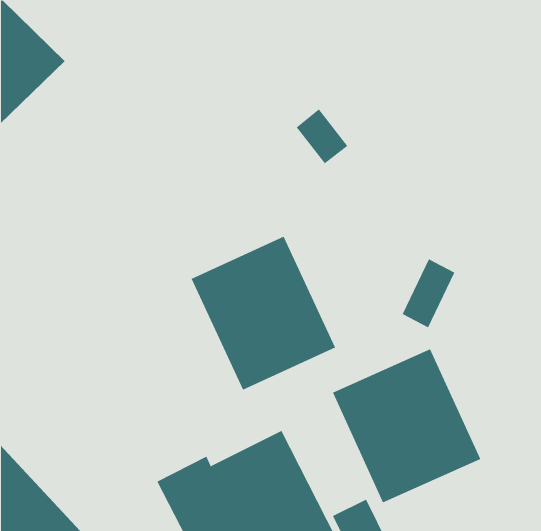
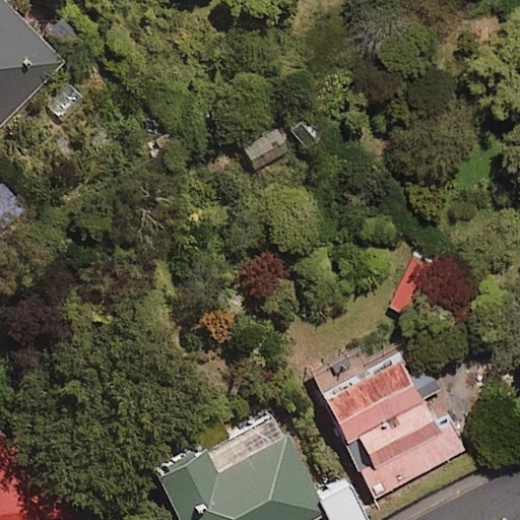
building: [191,236,336,390] -> none

